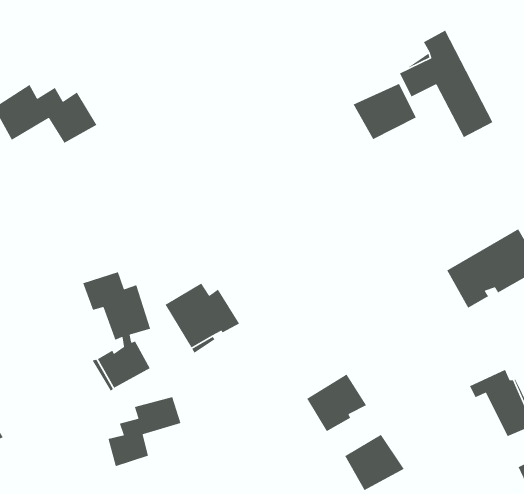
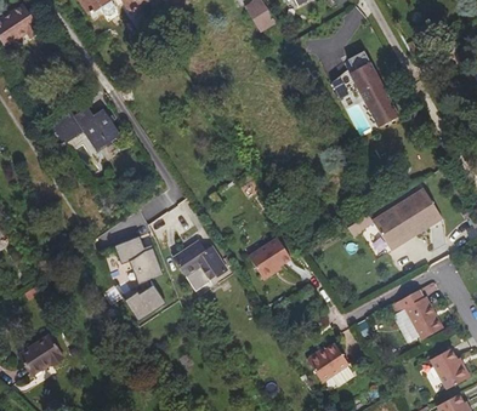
building: [353,83,417,140] -> none
building: [306,374,367,432] -> [249,236,293,279]
building: [107,396,182,467] -> none

